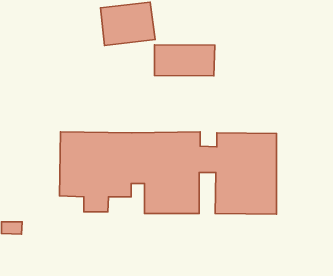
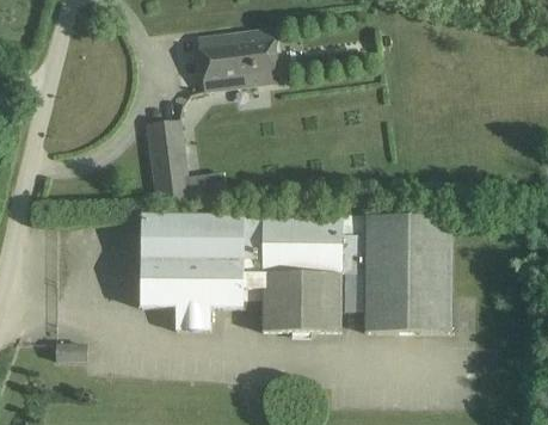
building: [154,45,215,76] -> none
building: none -> [146,116,191,202]

